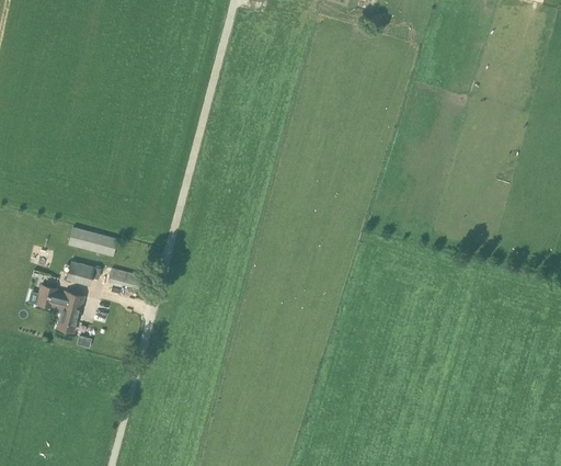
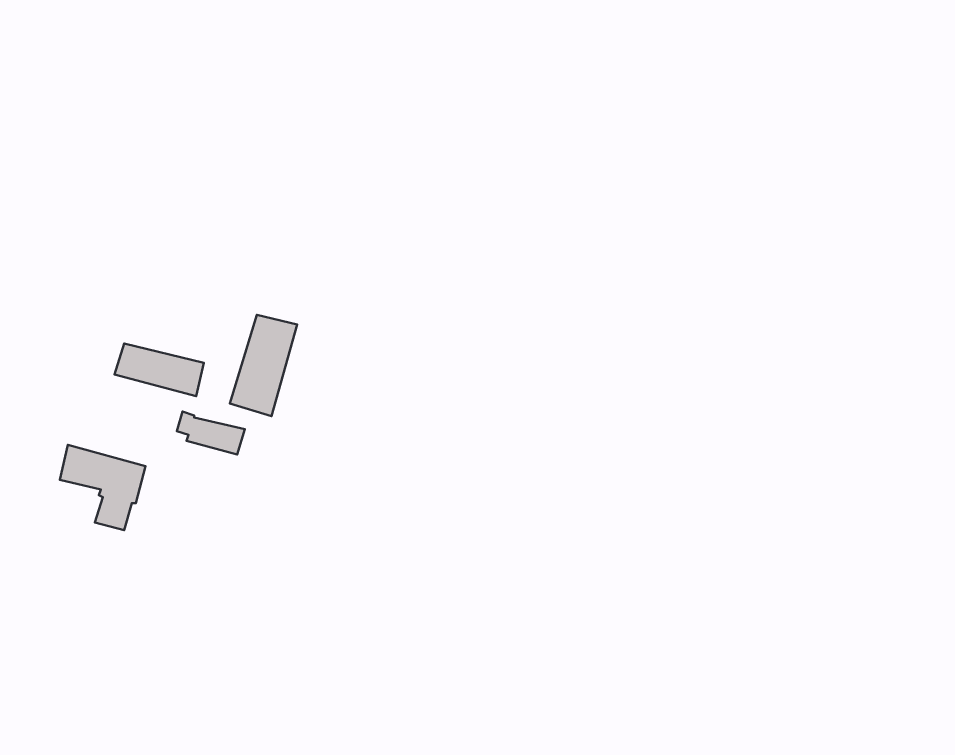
building: none -> [230,315,297,416]
building: [65,259,94,285] -> none

